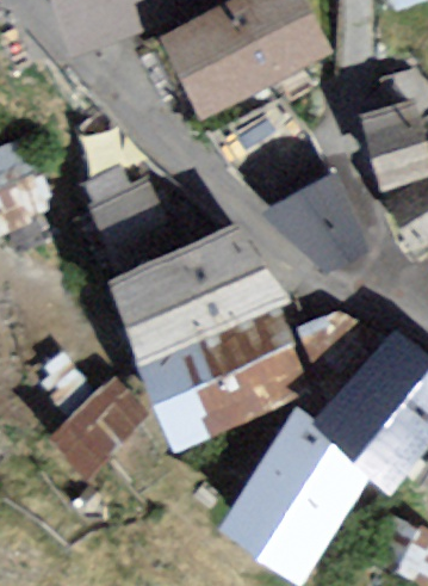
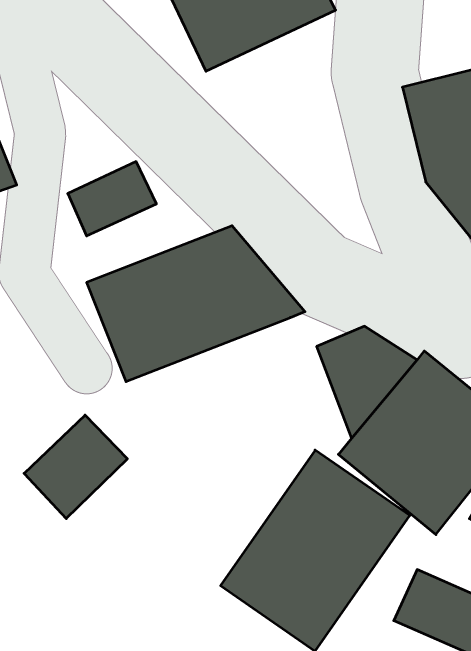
building: [260,180,365,271] -> none
building: [141,306,309,443] -> none

